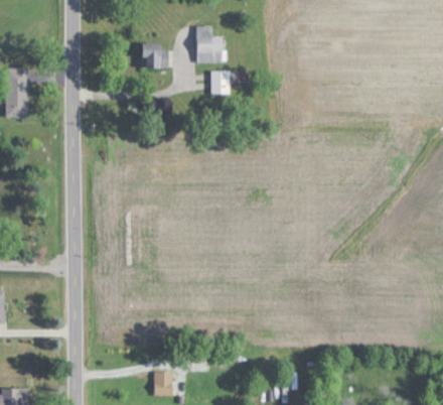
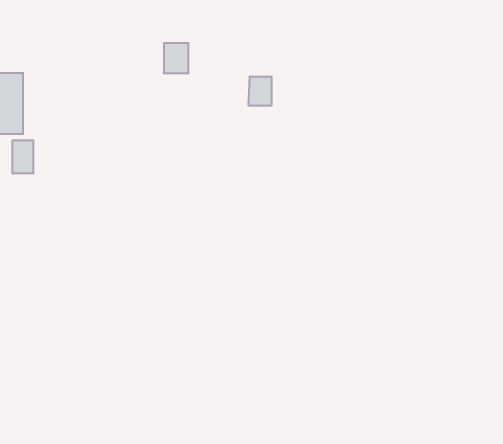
building: [198,27,224,63] -> none
building: none -> [13,140,33,174]

